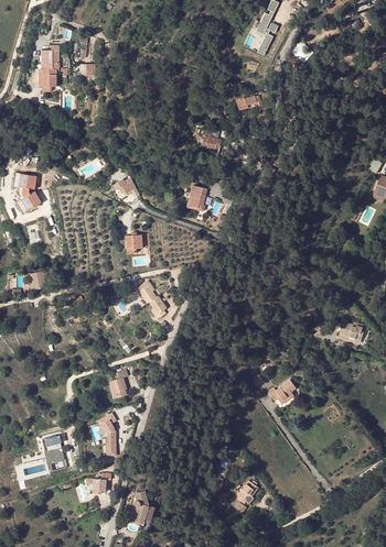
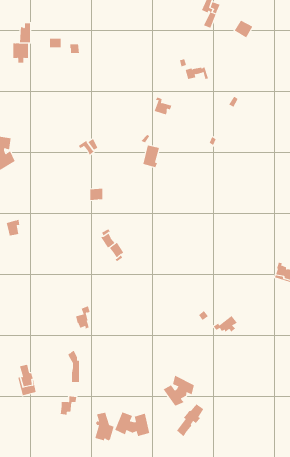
building: none -> [163,375,194,407]
building: none -> [114,411,150,437]

